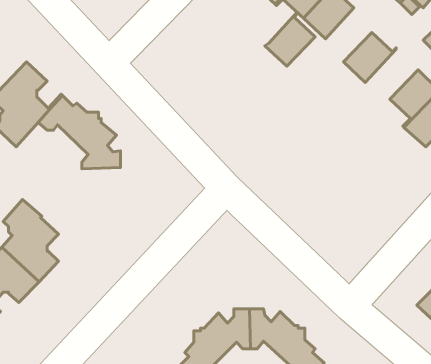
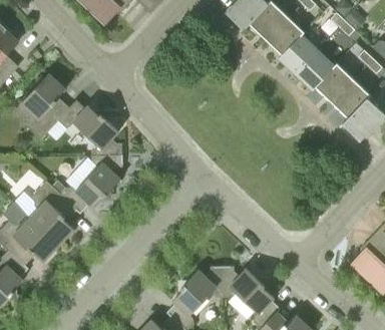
building: [265,12,315,66] -> [279,31,318,73]
building: none -> [313,63,354,102]
building: none -> [60,155,123,214]

